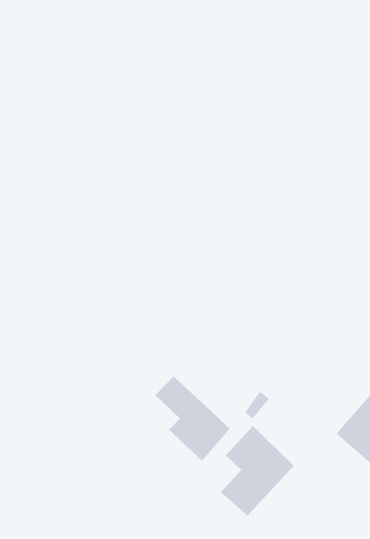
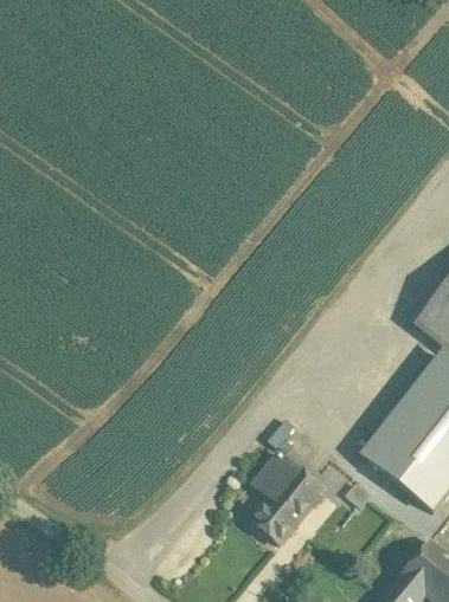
building: [154,376,230,462] -> none

